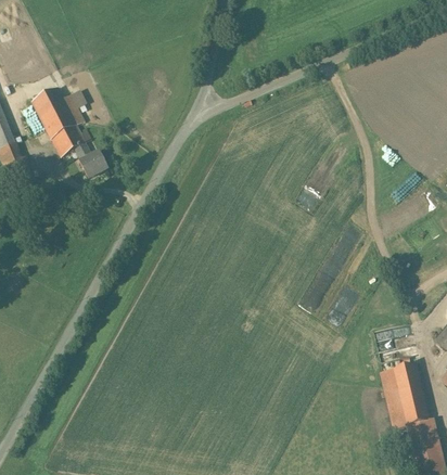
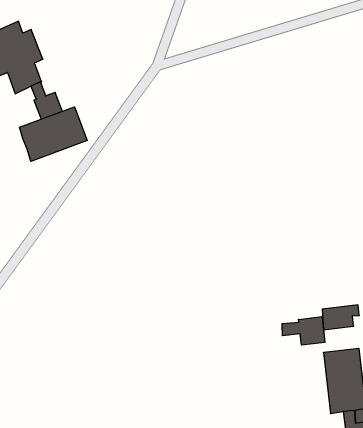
building: none -> [19,107,87,161]
building: none -> [282,317,325,345]

